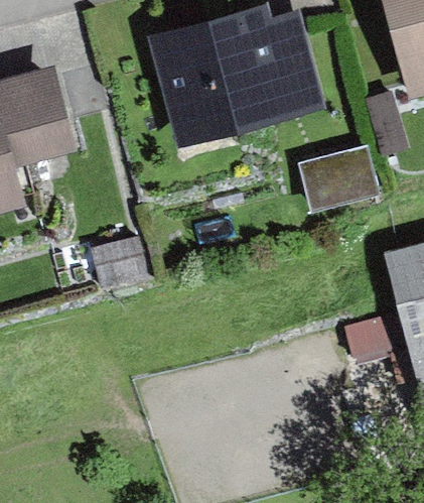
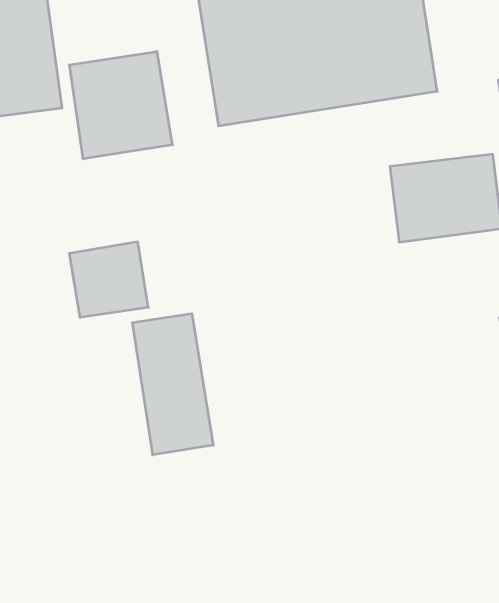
building: none -> [69,51,172,159]
building: none -> [133,314,213,455]

